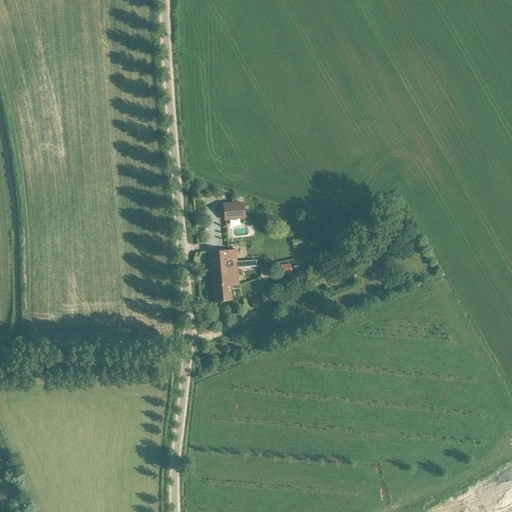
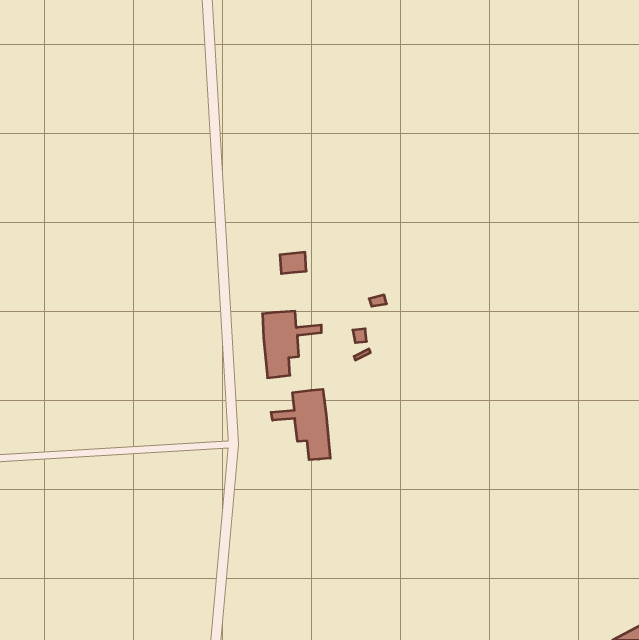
building: none -> [271,389,330,460]

